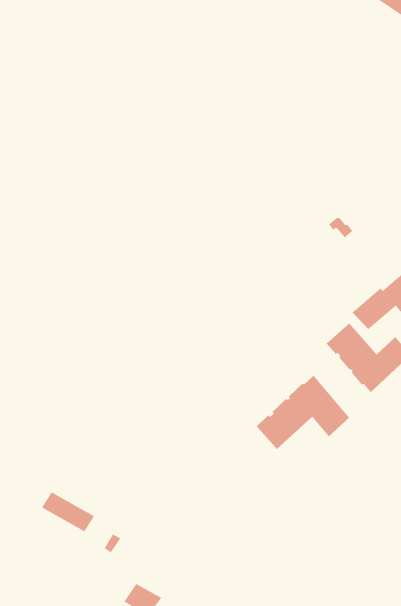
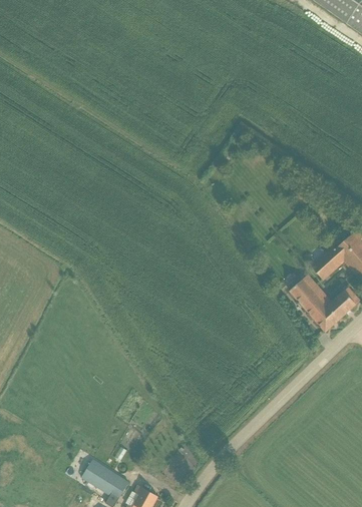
building: [256,375,350,450] -> none
building: [41,491,95,532] -> [81,465,124,498]

